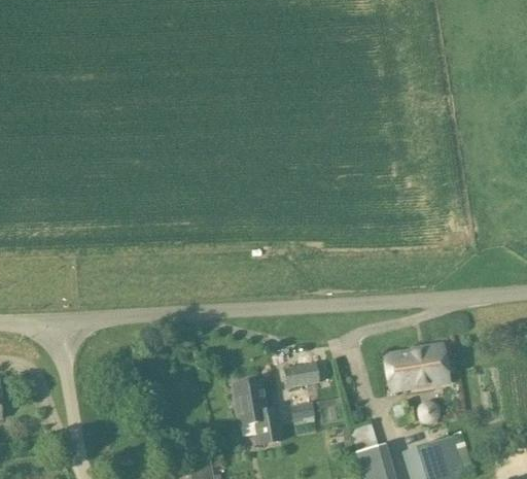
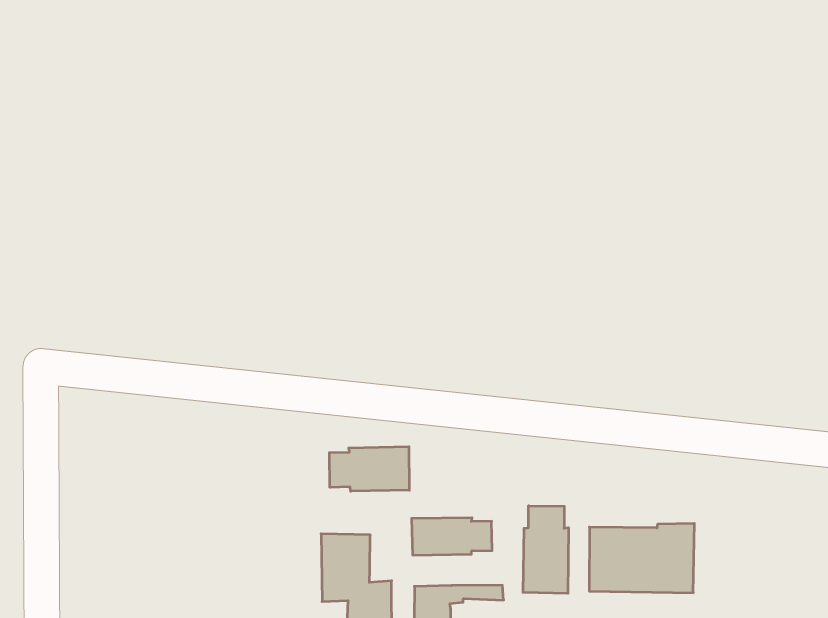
building: none -> [329,447,409,491]
building: none -> [523,506,568,593]

